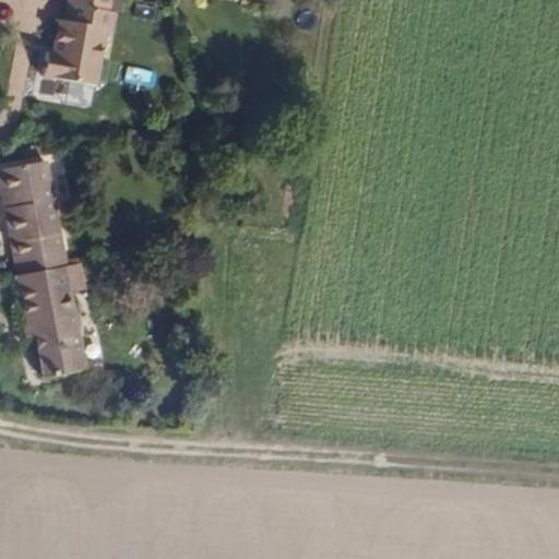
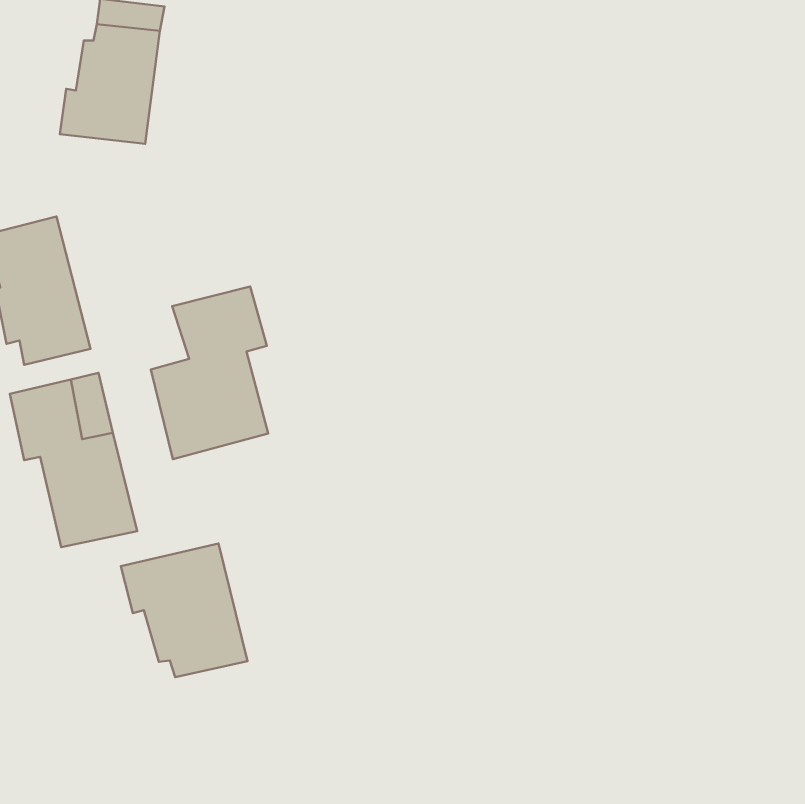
building: none -> [151,286,268,459]
building: none -> [121,544,247,677]

